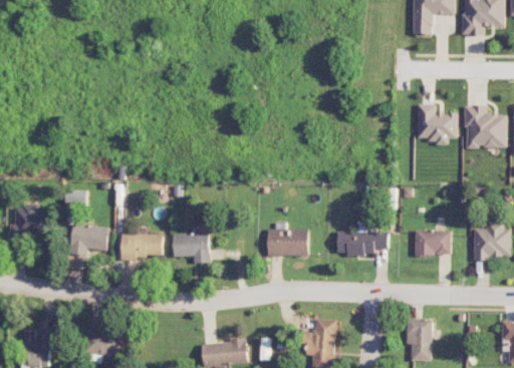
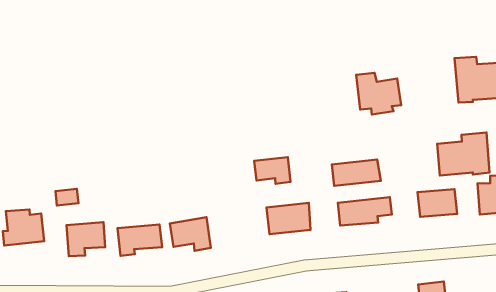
building: [417,104,457,144] -> [356,73,401,115]
building: none -> [437,132,489,175]
building: none -> [254,157,290,184]
building: none -> [332,159,381,186]

